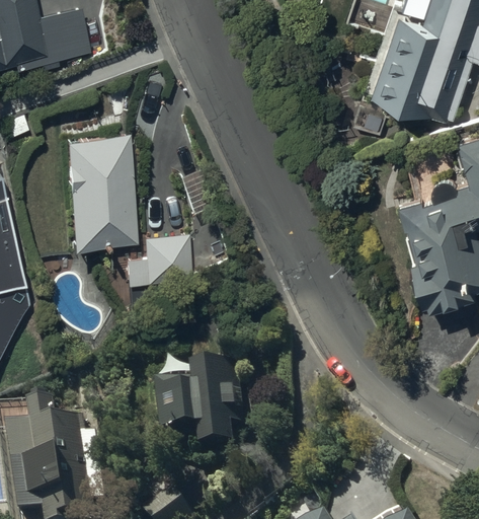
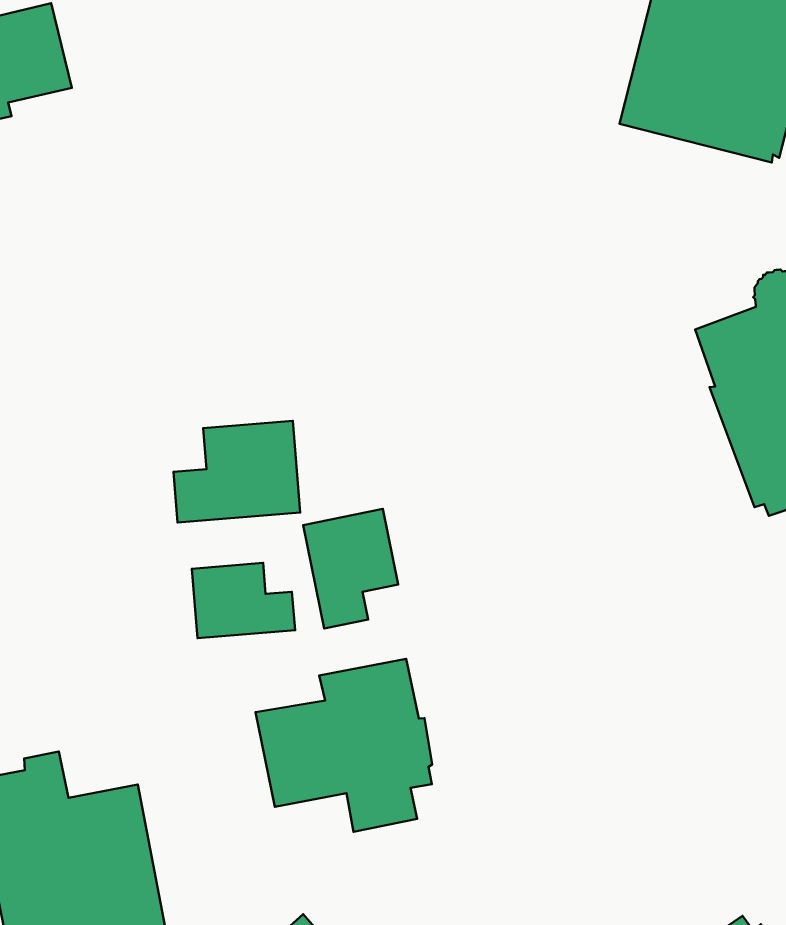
building: [64,133,136,245] -> none
building: none -> [303,509,398,629]
building: none -> [192,563,295,638]

